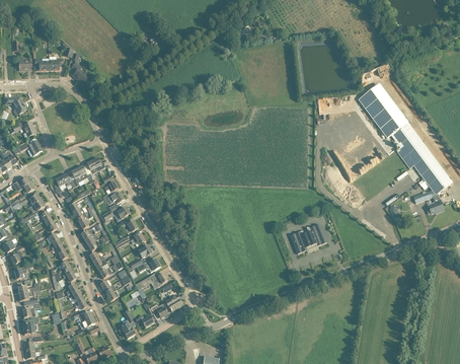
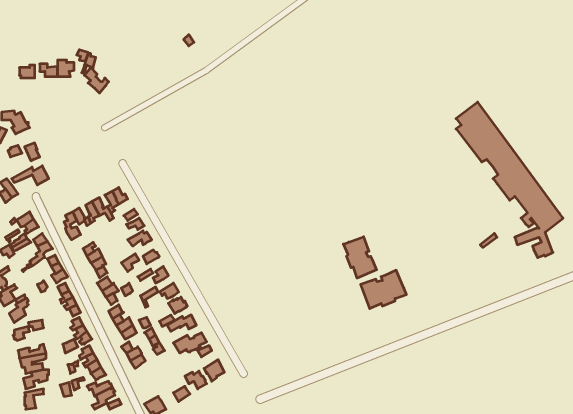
building: none -> [343,237,377,278]

